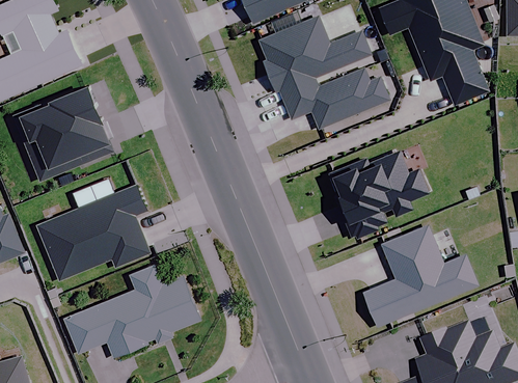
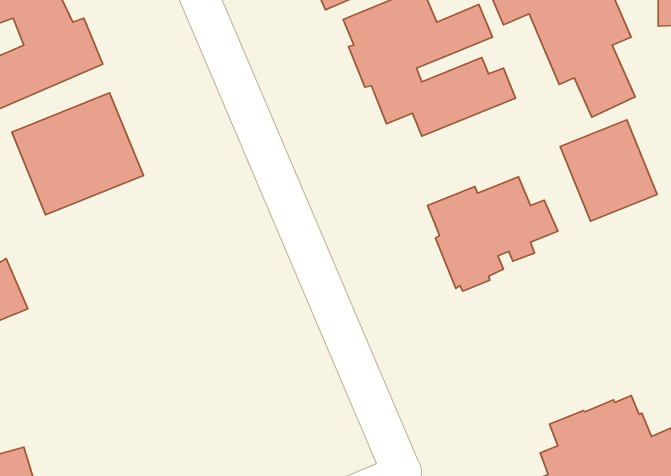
building: none -> [560,120,657,221]
building: [36,184,148,280] -> none
building: [362,226,479,327] -> none
building: [64,266,199,357] -> none

